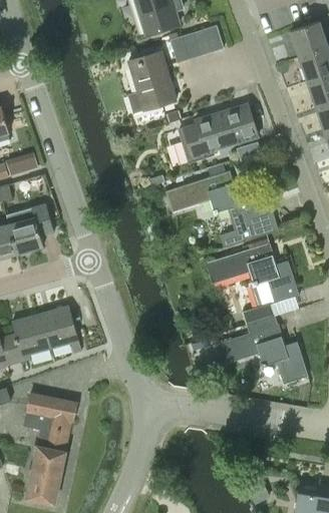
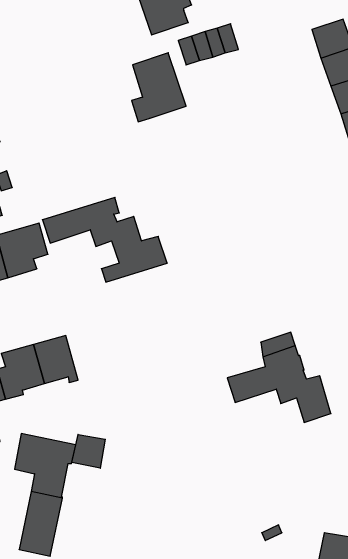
building: [179,104,258,162] -> none
building: [166,170,278,246] -> [42,197,167,282]
building: [206,242,298,302] -> none
building: none -> [72,434,105,468]

